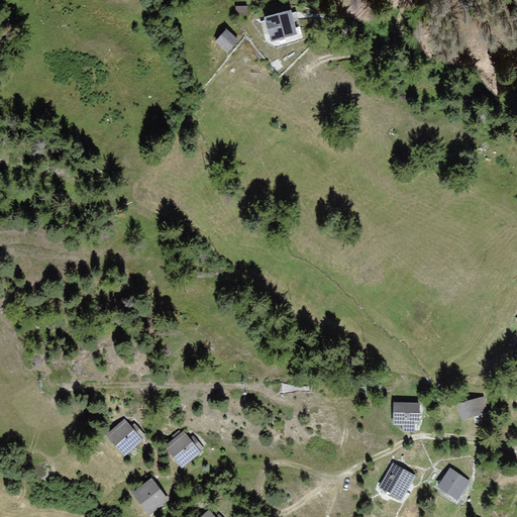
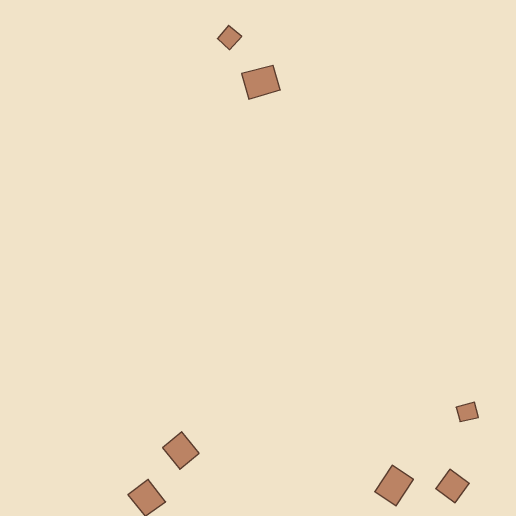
building: [269,7,307,40] -> [242,65,280,99]
building: [392,402,418,427] -> none
building: [106,418,143,455] -> none

